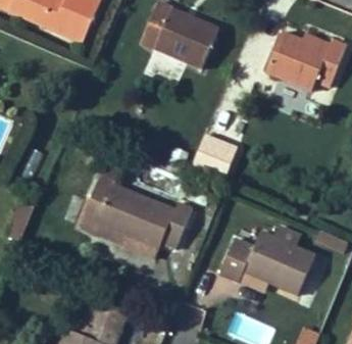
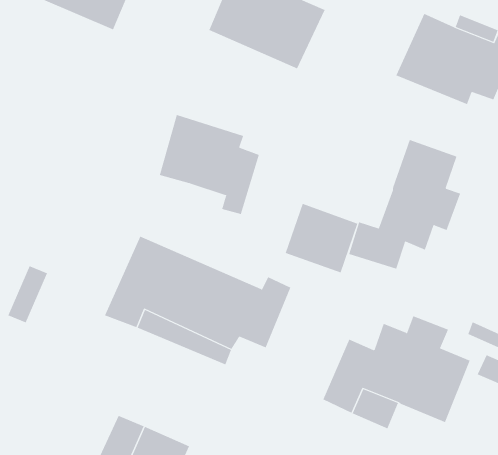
building: none -> [159,114,260,215]
building: none -> [349,139,461,269]

